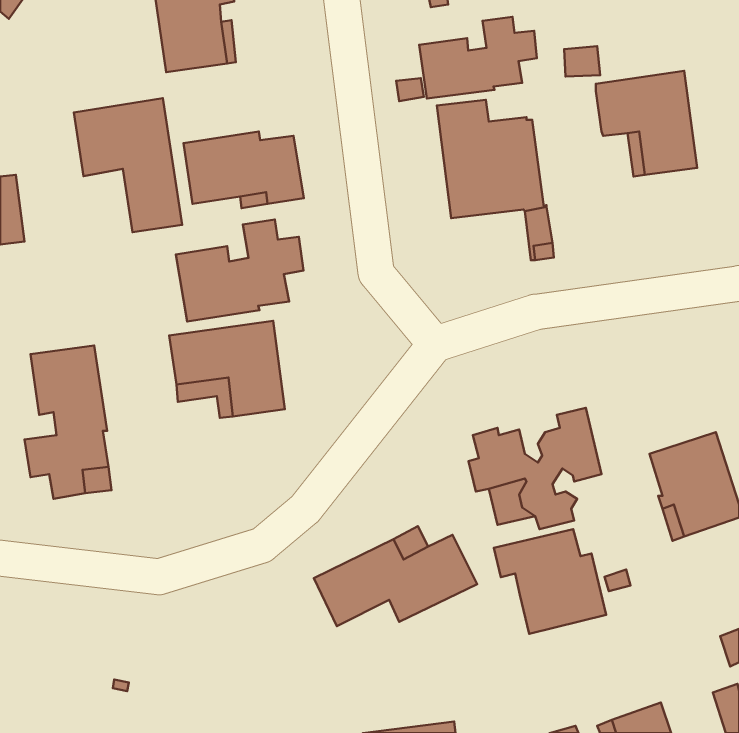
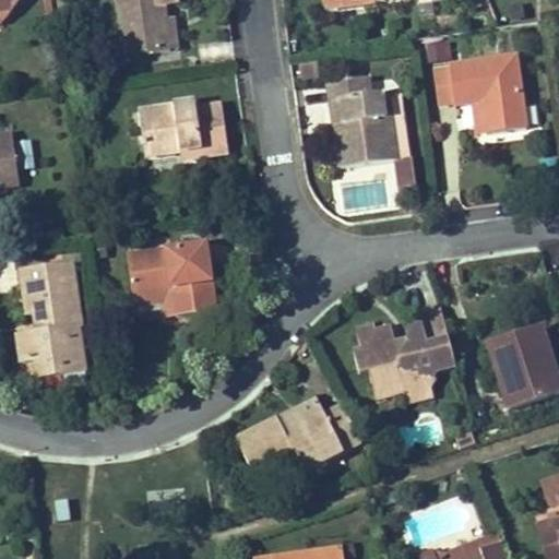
building: [419,17,537,99] -> none
building: [74,98,182,232] -> none
building: [176,220,303,321] -> none
building: [494,529,606,634] -> none

